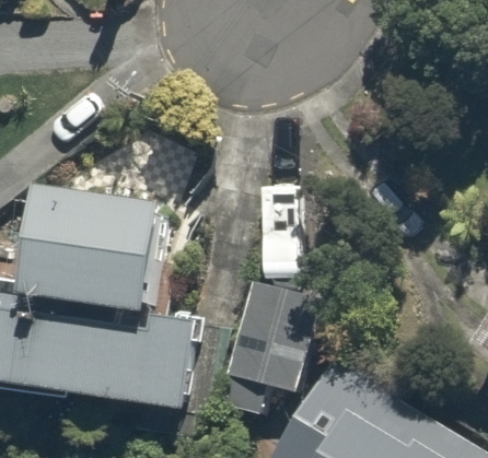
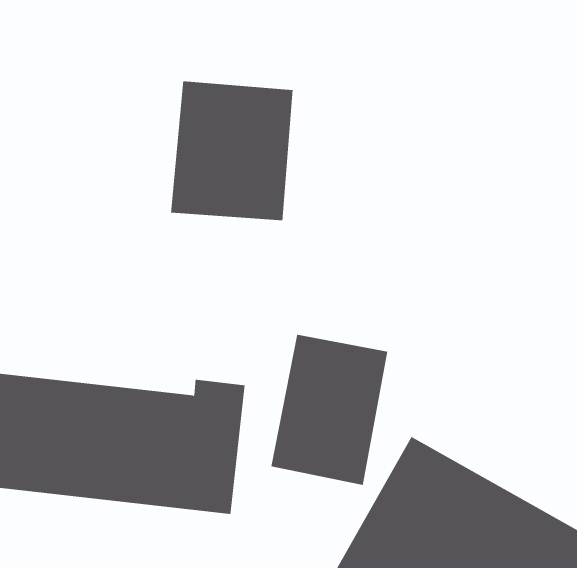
building: none -> [171,80,293,221]
building: [36,191,173,312] -> none

